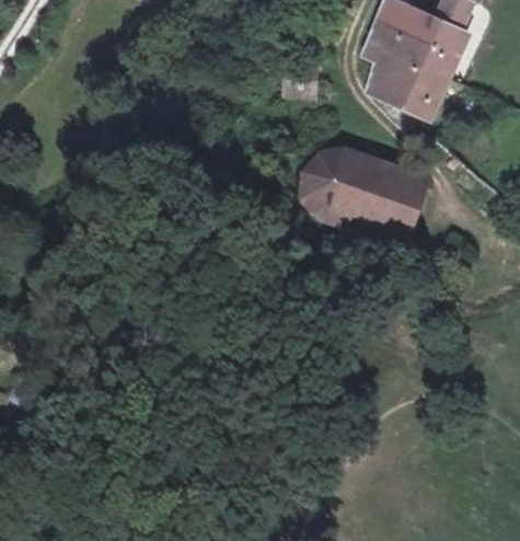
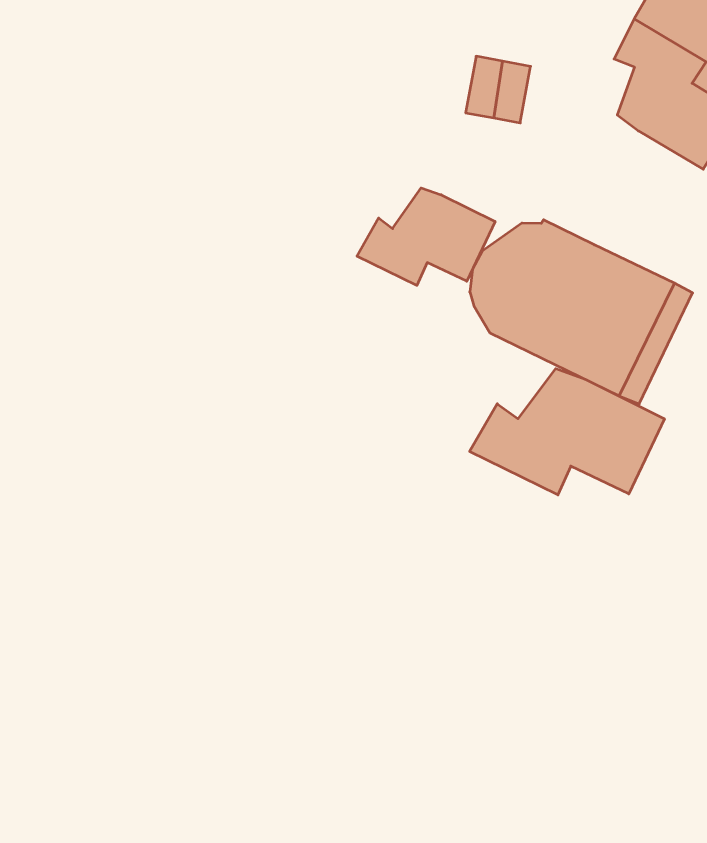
building: none -> [357,188,495,285]
building: none -> [470,369,664,495]

